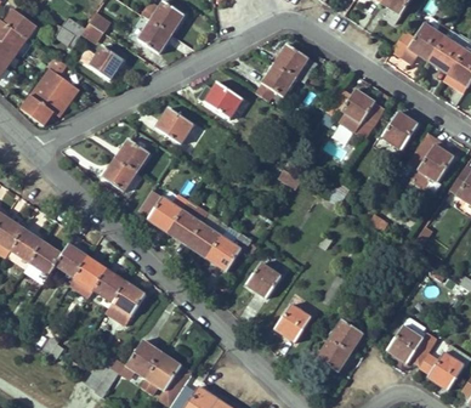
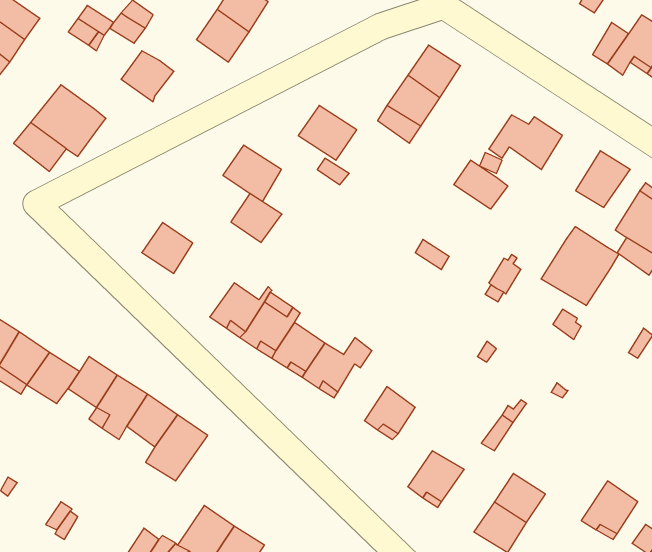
building: none -> [454,160,508,209]
building: [117,140,149,171] -> [231,193,282,243]
building: none -> [541,227,619,306]

